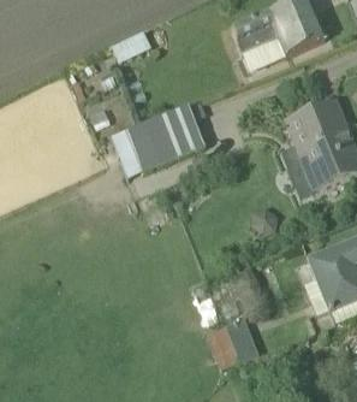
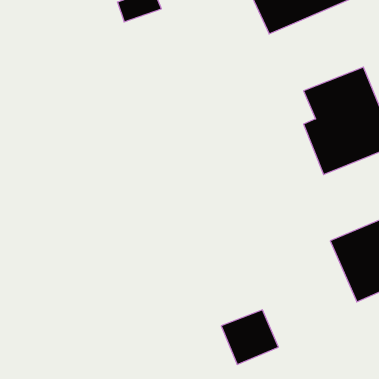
building: [112,108,204,178] -> none

